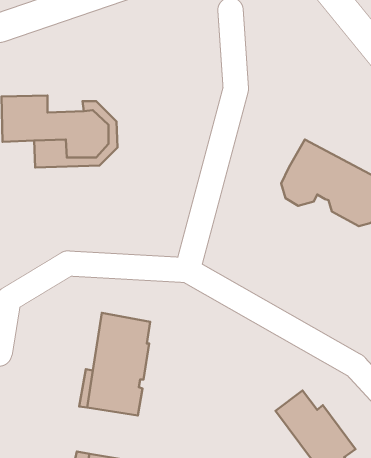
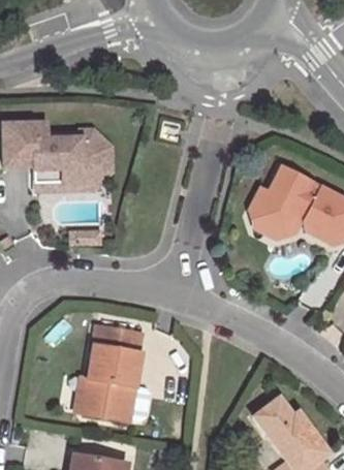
building: none -> [249,187,301,238]

